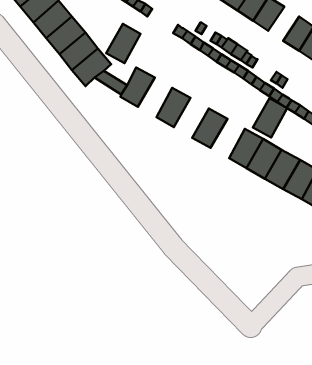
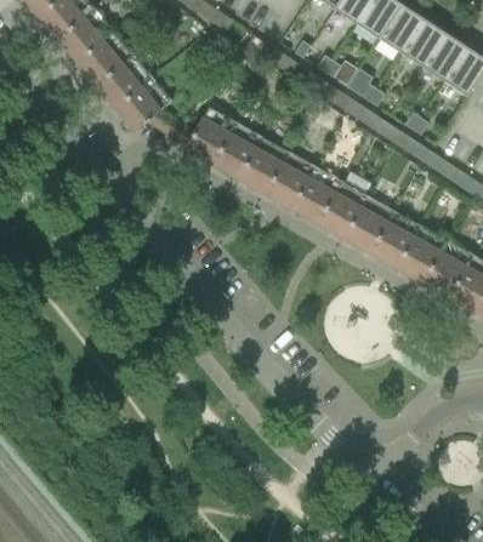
building: none -> [400,18,445,68]
building: [106,24,140,63] -> [211,121,261,178]
building: none -> [263,150,314,209]
building: [253,98,287,137] -> [317,181,366,238]

